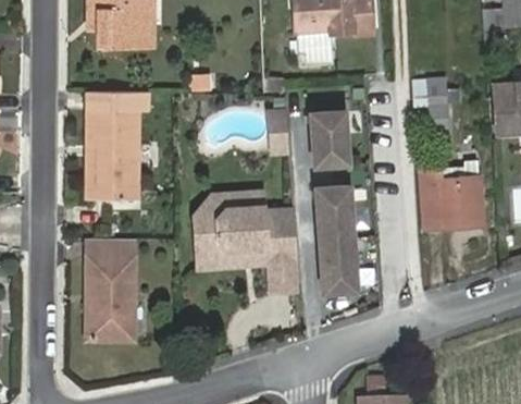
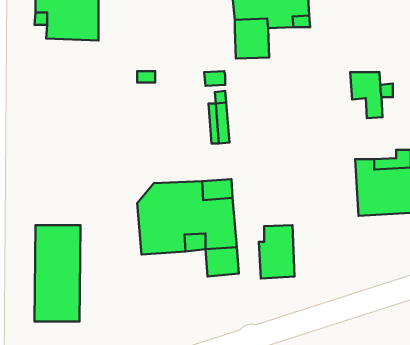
building: [85,90,148,198] -> none
building: [311,110,349,166] -> none
building: [315,184,353,238] -> none

